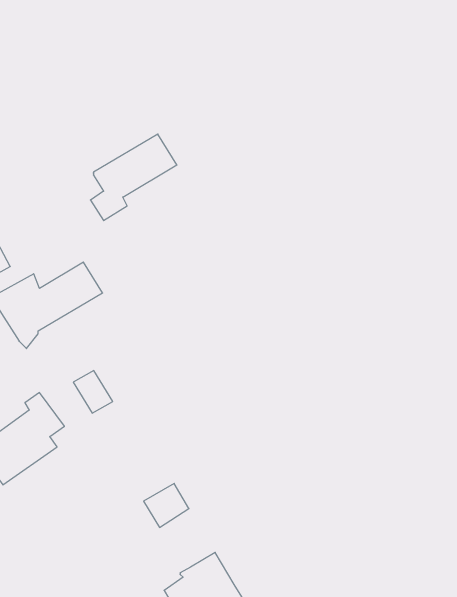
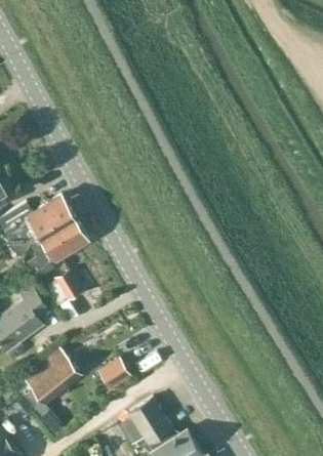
building: [90,134,177,221] -> [27,217,87,278]
building: none -> [24,348,80,405]

